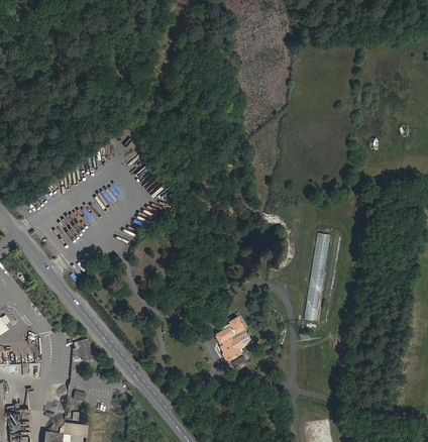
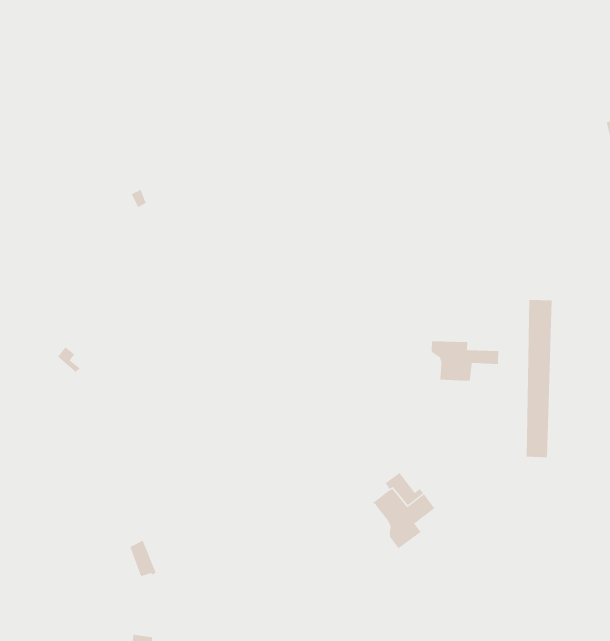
building: none -> [431,340,499,381]

